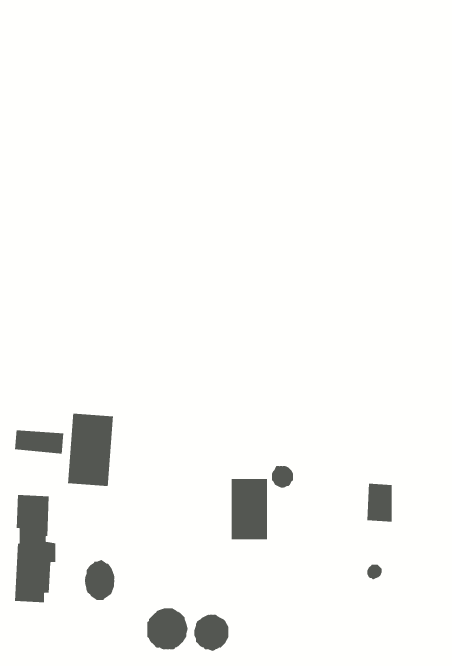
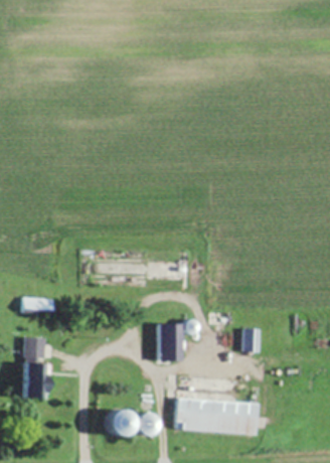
building: [67,413,114,487] -> none
building: [85,559,115,601] -> none
building: none -> [175,399,258,435]

